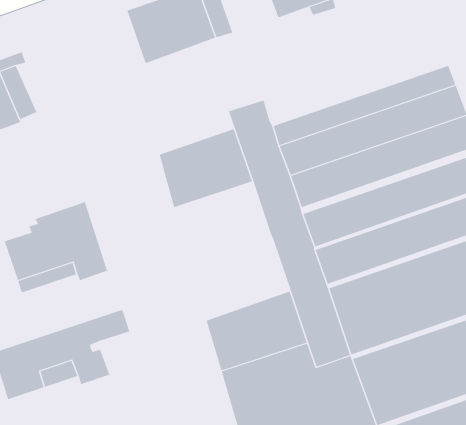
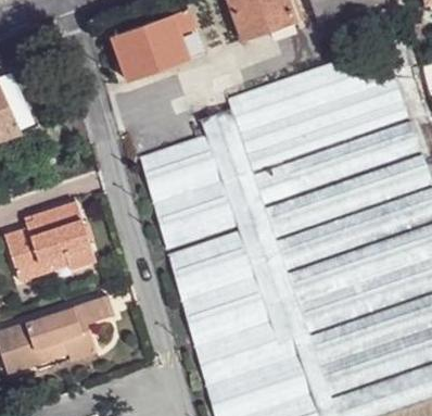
building: none -> [229,64,367,129]
building: none -> [154,182,239,252]
building: none -> [169,234,256,304]

